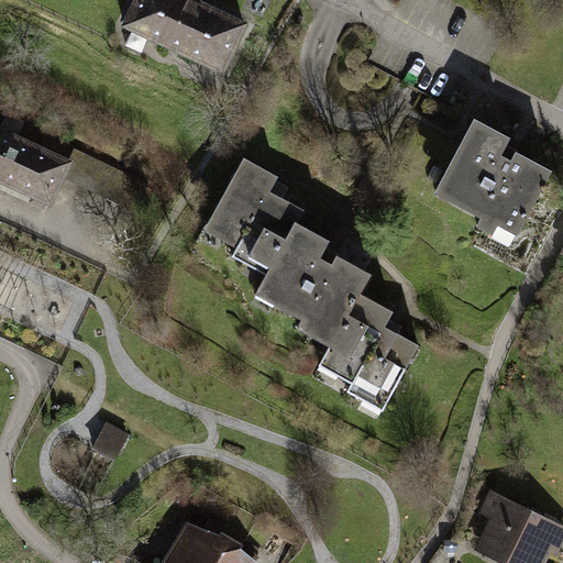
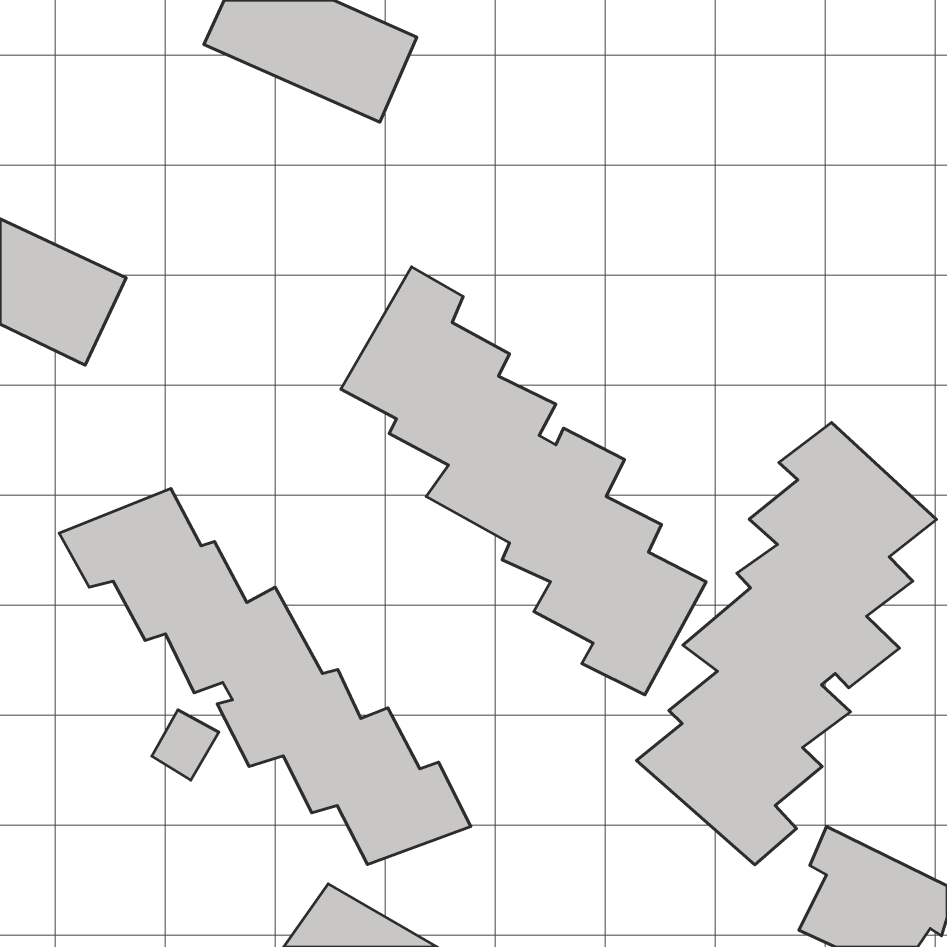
building: [435,117,552,236] -> none
building: none -> [636,422,937,865]
building: none -> [59,489,471,864]

